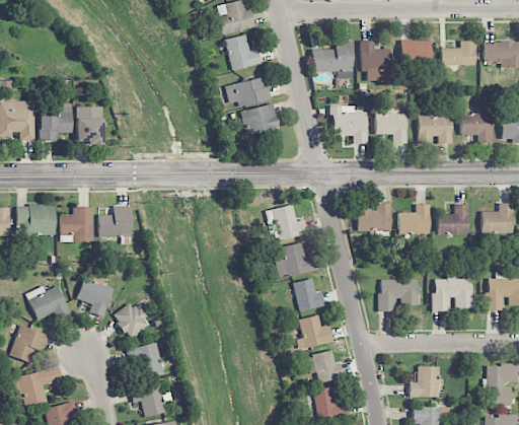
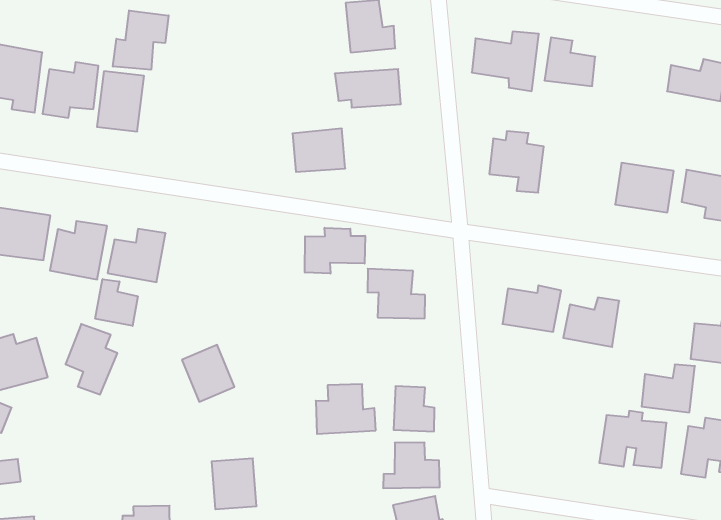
building: [400,41,432,62] -> none
building: none -> [113,10,169,70]
building: [242,103,280,136] -> [292,129,345,172]
building: [375,114,409,143] -> none
building: none -> [305,228,365,274]
building: [437,204,469,235] -> [642,365,695,412]
building: none -> [95,279,138,326]
building: [275,242,316,279] -> [316,384,376,434]
building: [379,279,420,311] -> none
building: [114,301,150,340] -> [182,345,234,402]
building: [130,343,163,379] -> [212,458,257,509]

